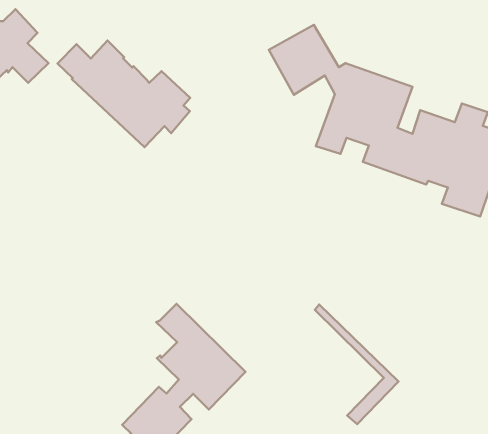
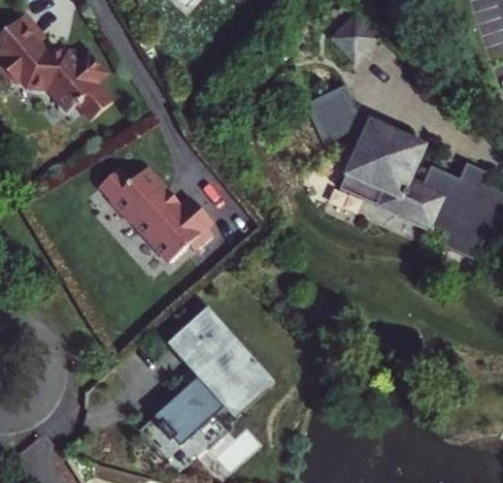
building: [57,40,190,147] -> [100,167,211,261]
building: [315,305,399,424] -> [206,311,273,416]

